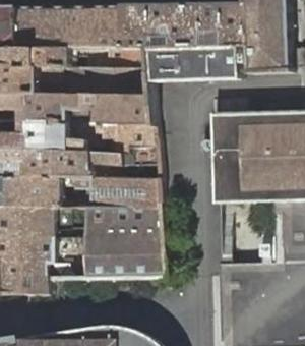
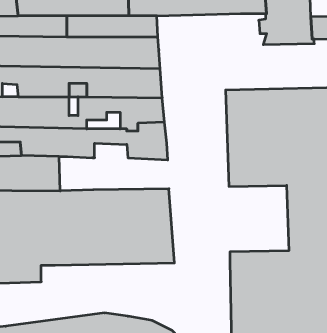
building: [144,46,236,79] -> none
building: [62,177,156,208] -> none

